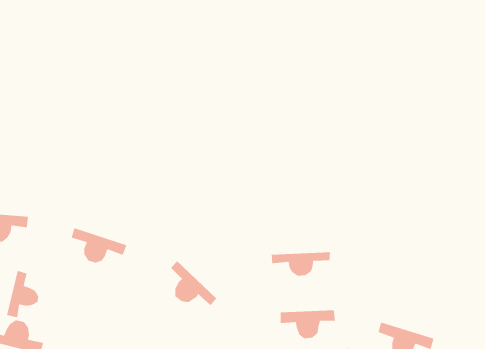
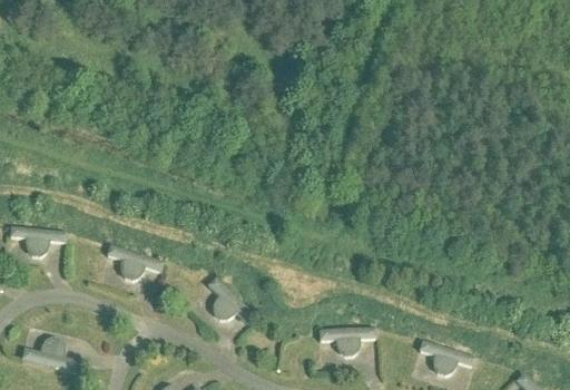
building: [271,252,331,277] -> none
building: [6,270,39,318] -> none

